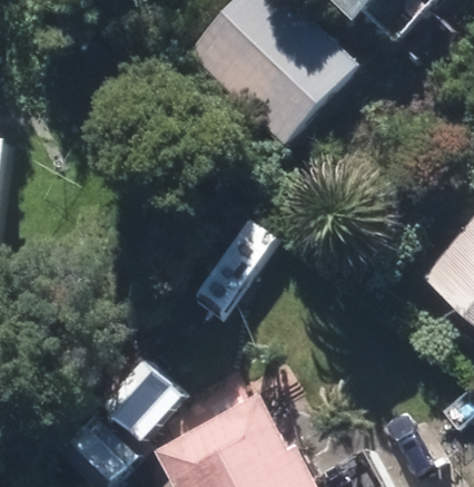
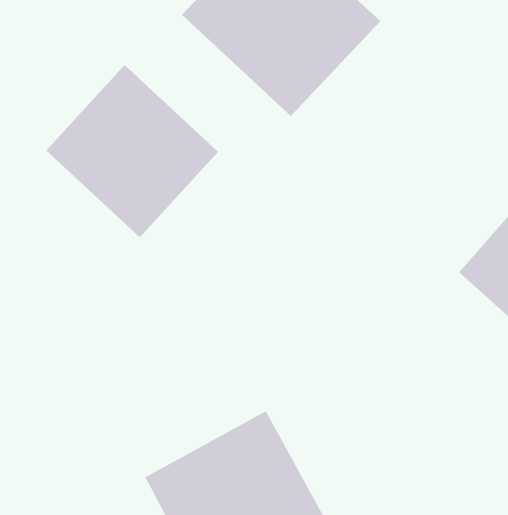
building: none -> [45,64,219,238]

